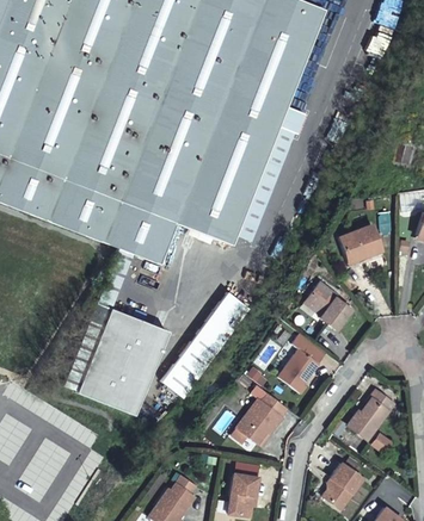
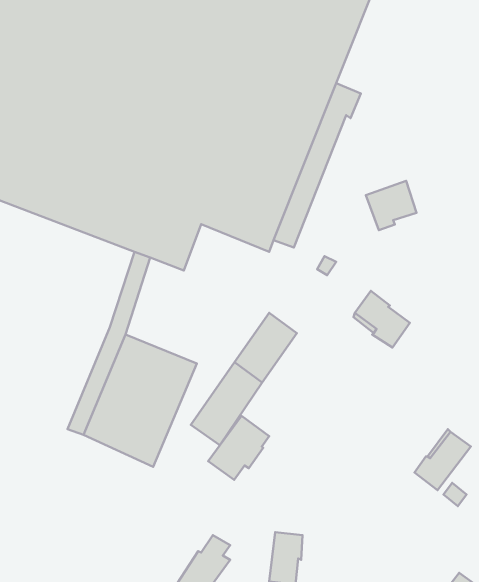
building: [336,221,377,261] -> [366,181,416,230]
building: [272,328,317,386] -> none
building: [239,391,289,444] -> [208,416,269,480]
building: [322,461,364,509] -> none

